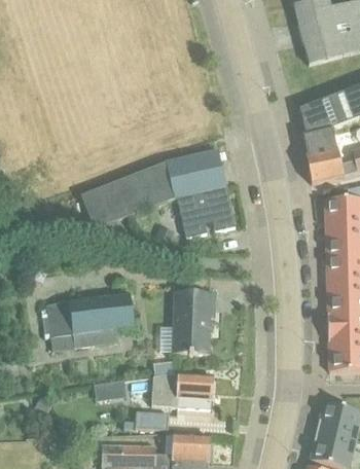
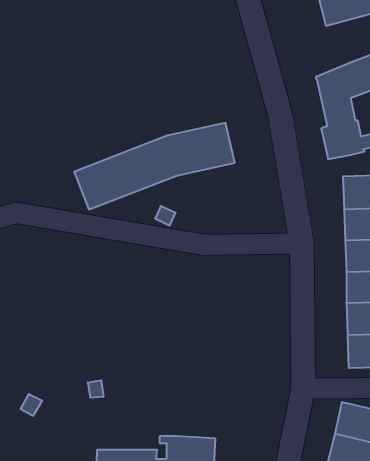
building: [176,186,235,237] -> none
building: [159,292,215,355] -> none
building: [45,293,138,350] -> none
building: [151,372,212,408] -> none
building: [135,411,169,429] -> none

